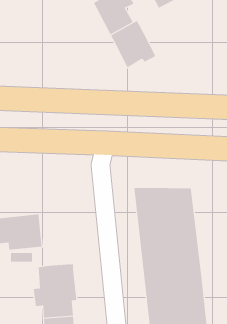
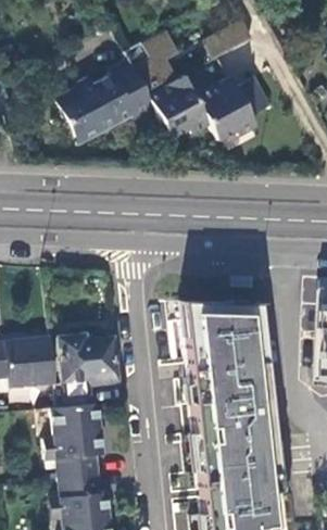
building: none -> [56,59,160,144]
building: none -> [197,76,275,141]
building: none -> [62,333,120,406]

